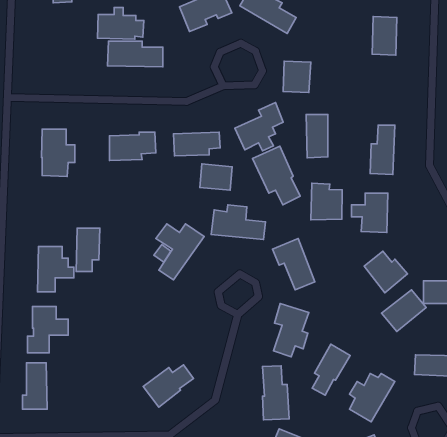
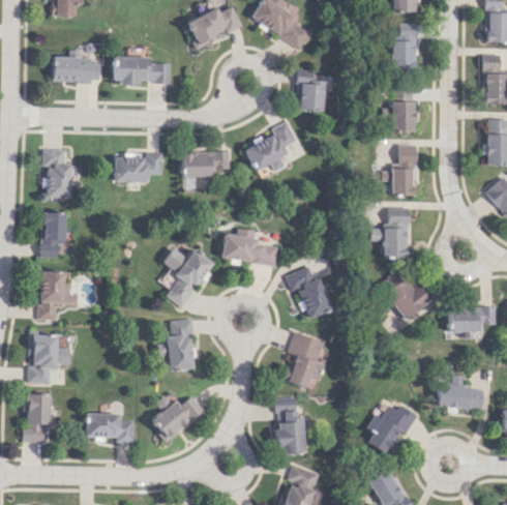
building: [97,8,144,39] -> [53,50,101,83]
building: [306,114,328,158] -> [390,87,413,132]
building: [252,146,300,205] -> none
building: [200,164,232,190] -> none
building: [311,183,342,220] -> none
building: [76,228,100,272] -> [43,212,68,258]
building: [381,290,426,332] -> none
building: none -> [168,319,196,370]
building: [312,344,350,395] -> none
building: none -> [87,413,137,444]

